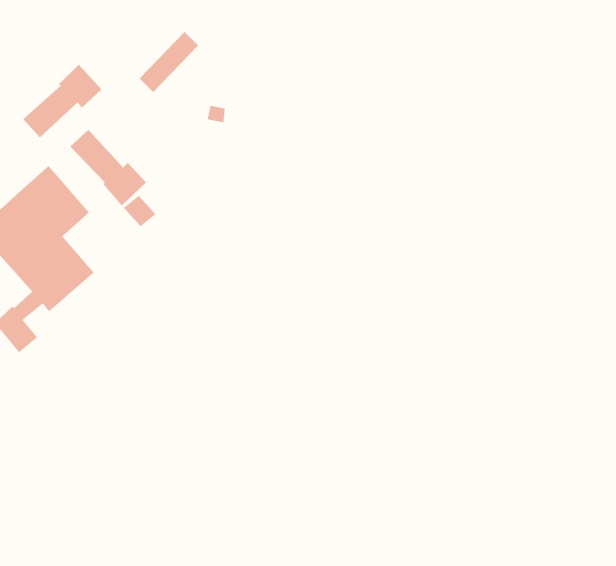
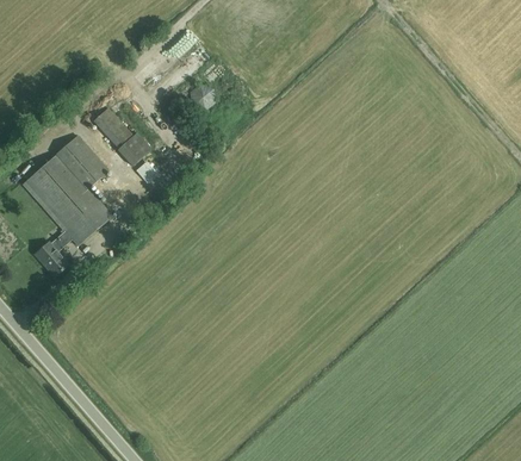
building: [22,64,102,138] -> none

